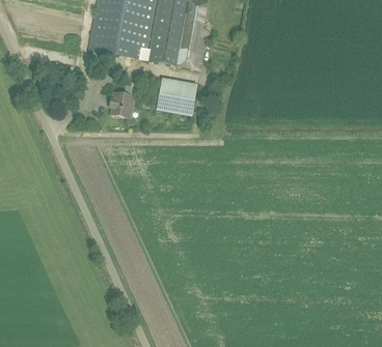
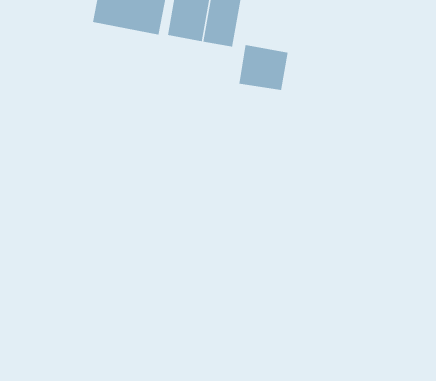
building: [156,77,195,113] -> [238,45,288,91]
building: [109,90,132,116] -> none

